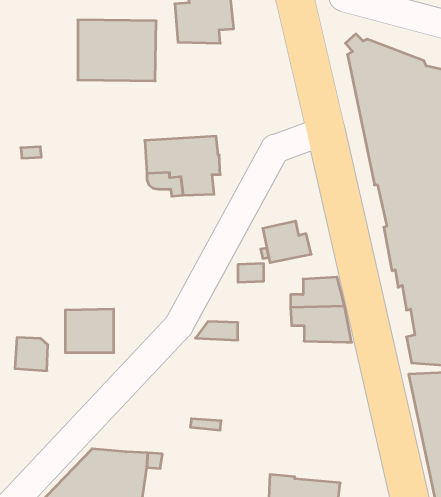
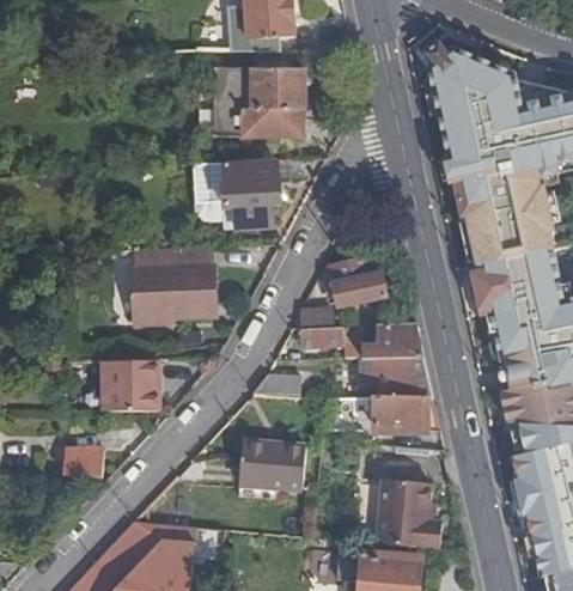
building: [78,20,156,81] -> [215,67,306,138]
building: none -> [135,246,217,323]
building: none -> [303,325,364,358]
building: [15,338,48,371] -> [66,440,104,479]
building: none -> [377,397,428,432]
building: none -> [240,441,307,489]
building: none -> [379,479,444,549]

